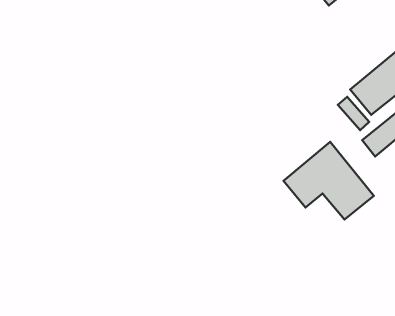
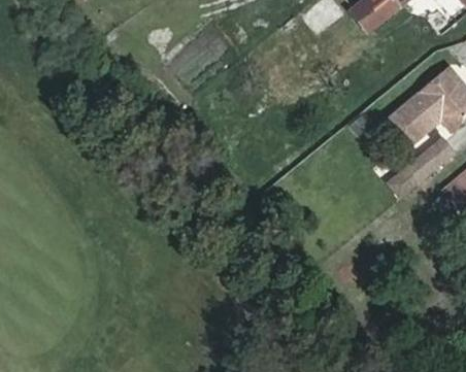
building: [284,142,374,219] -> none

